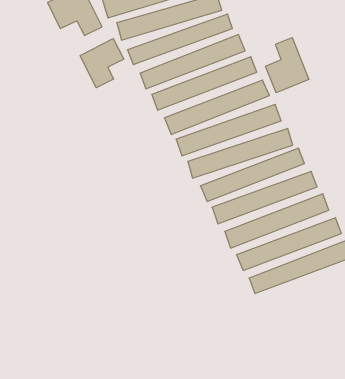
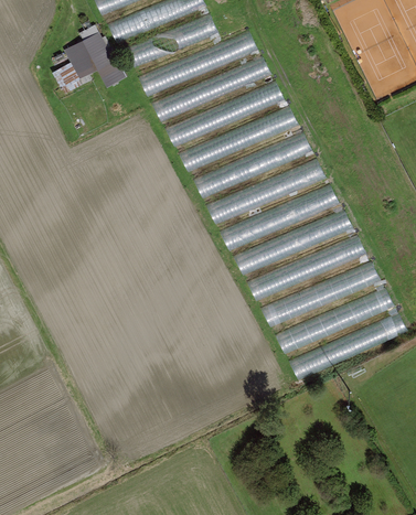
building: [265,38,309,93] -> none
building: [80,39,124,88] -> none

